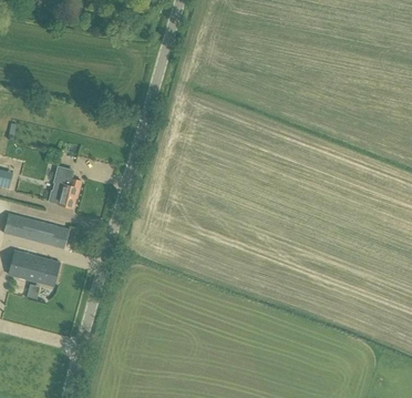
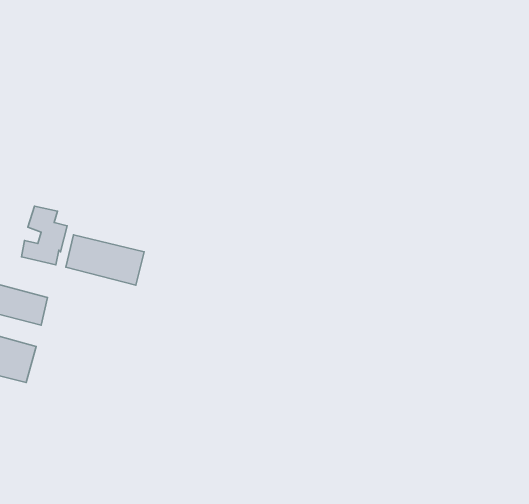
building: none -> [66,235,144,285]

